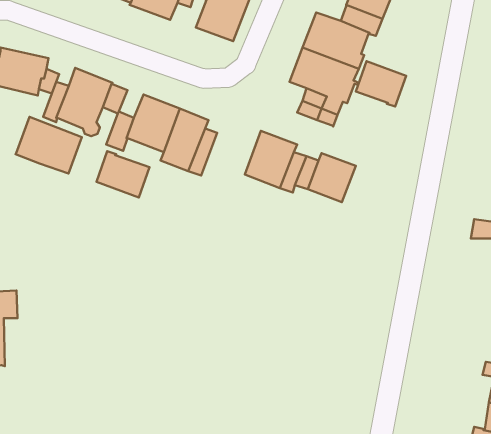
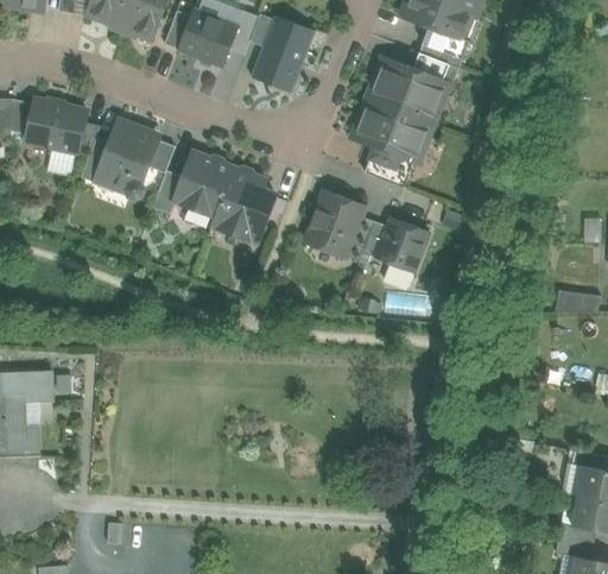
building: [356,61,406,107] -> none
building: [15,117,82,174] -> none
building: [96,151,149,198] -> none

